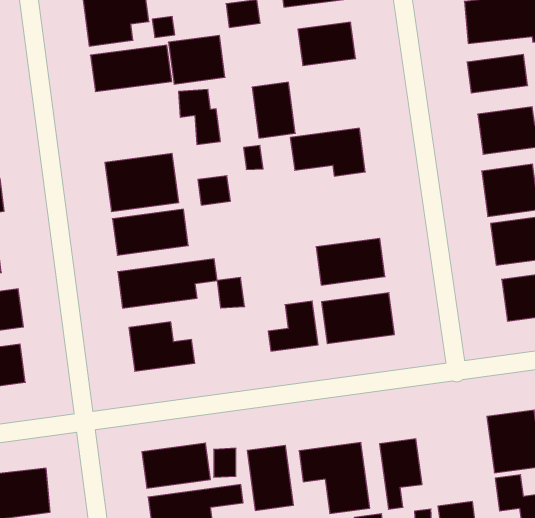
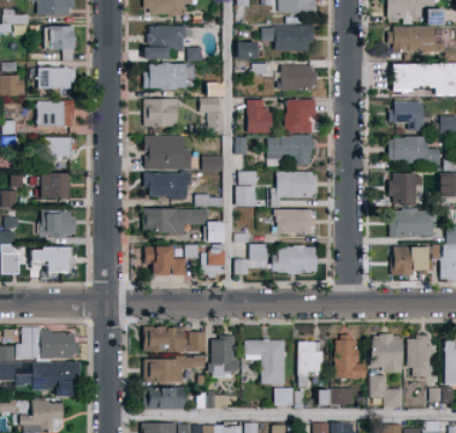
building: [168,35,225,84] -> [144,99,178,126]
building: none -> [285,99,316,134]
building: none -> [273,172,318,204]
building: none -> [236,172,256,206]
building: none -> [201,250,224,274]
building: none -> [336,337,361,379]

